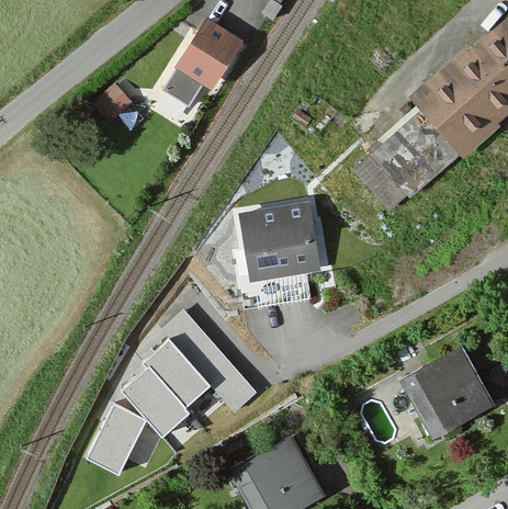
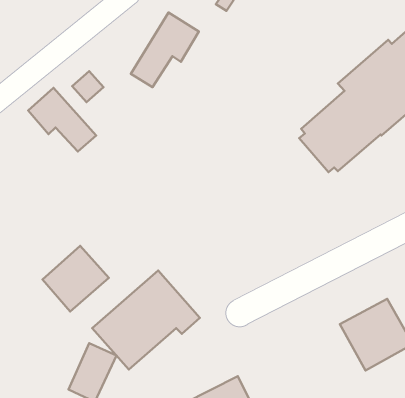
building: none -> [28,88,96,152]
building: [242,202,319,274] -> none
building: none -> [43,246,109,311]

